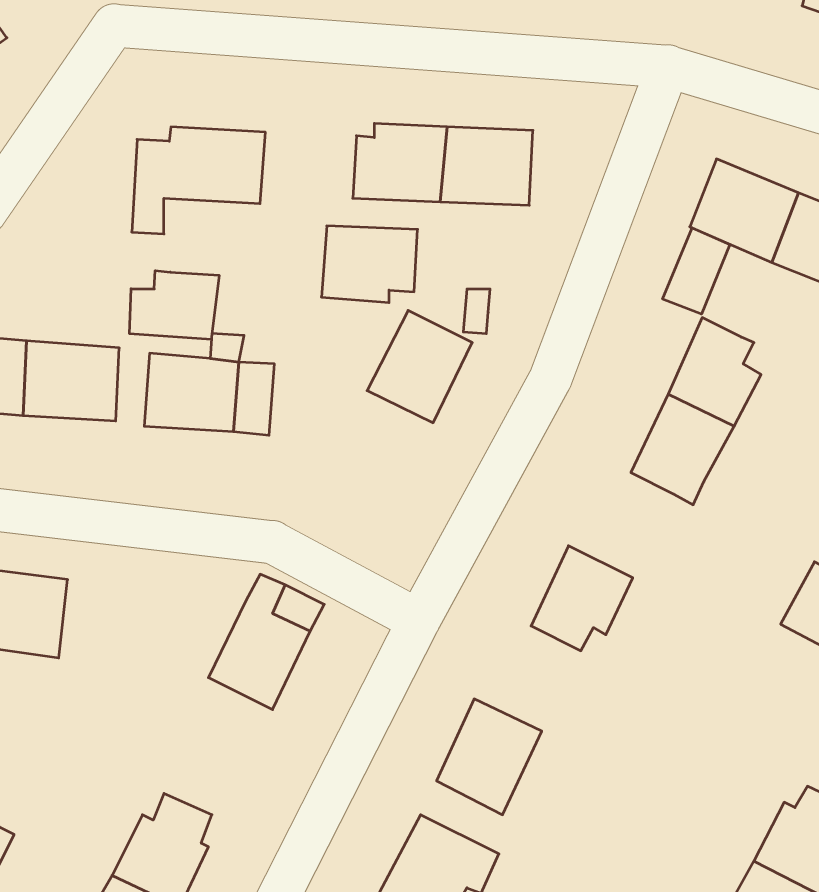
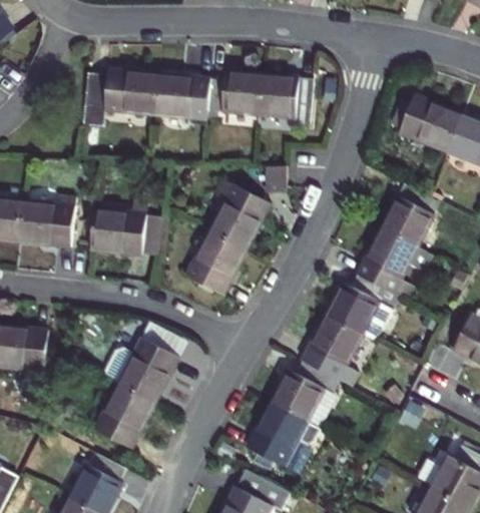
building: [321,226,418,303] -> [153,78,207,121]
building: [663,228,730,314] -> none
building: [130,271,219,339] -> none
building: none -> [191,223,251,286]
building: none -> [327,270,386,329]
building: none -> [274,356,334,415]
building: none -> [101,385,160,449]

